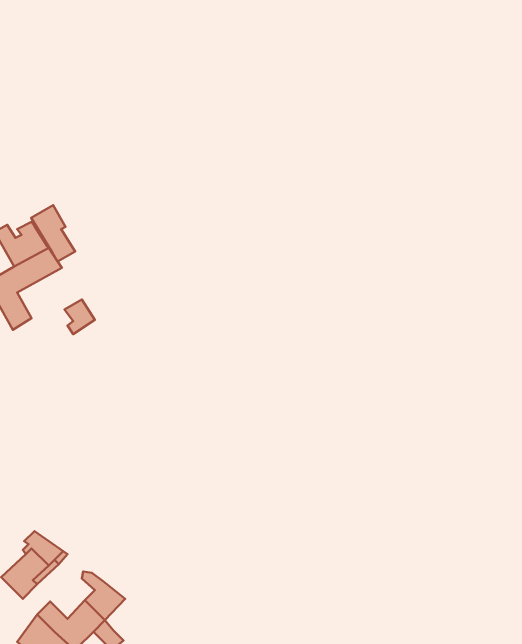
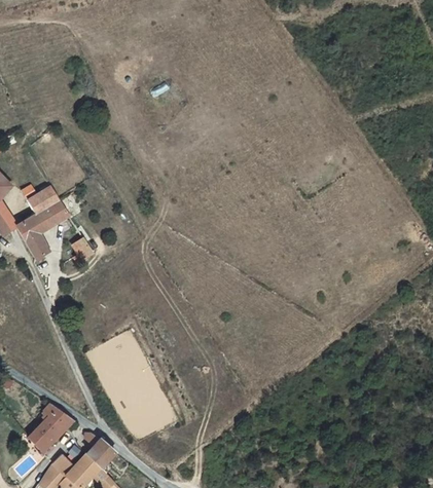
building: [31,205,75,262] -> none

